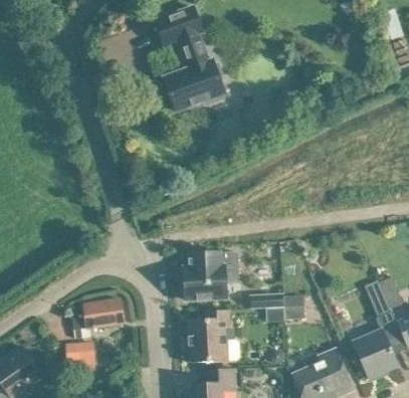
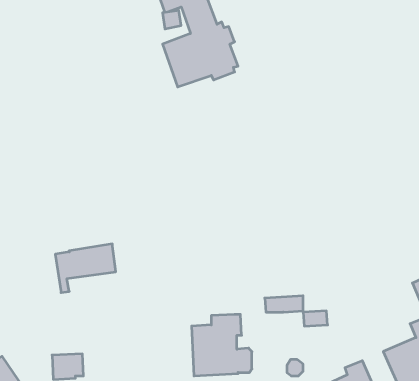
building: [184,251,238,300] -> none
building: [71,298,124,341] -> [55,244,116,293]

